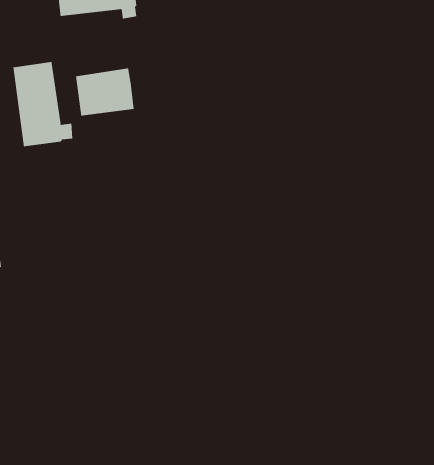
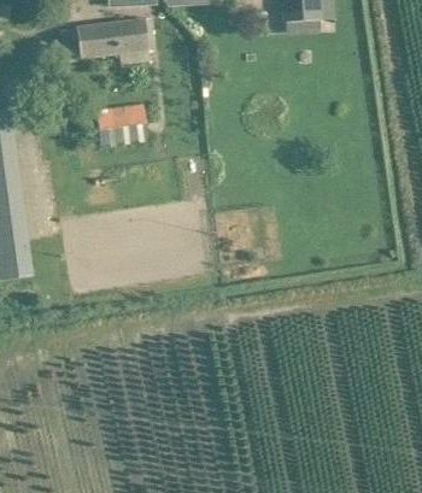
building: [13,61,73,147] -> none

